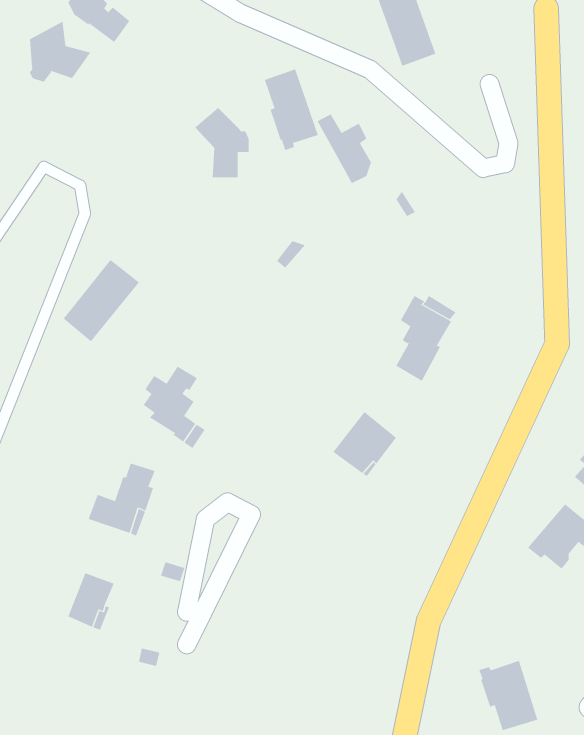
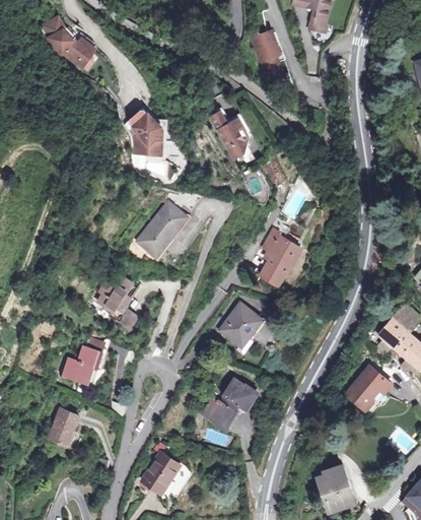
building: [29,21,91,83] -> none
building: [264,68,319,151] -> none
building: [63,259,140,342] -> [137,202,187,256]
building: none -> [202,378,255,426]
building: none -> [141,451,180,494]

